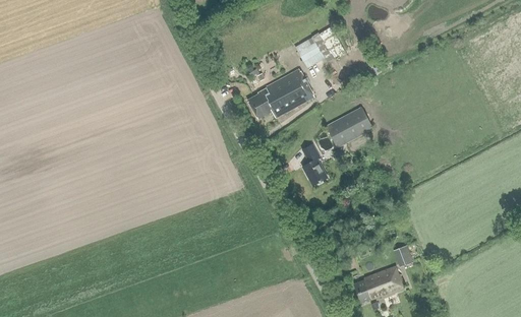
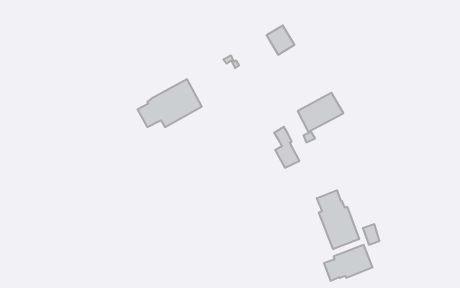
building: [247,68,314,118] -> [137,79,202,127]
building: none -> [317,190,359,249]

